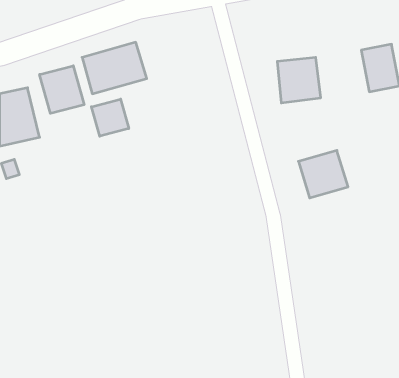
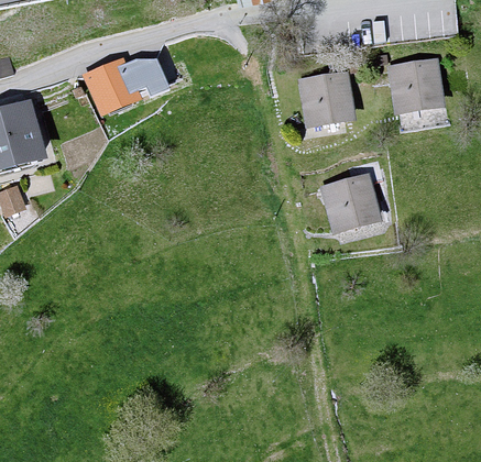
building: [40,66,84,113] -> none
building: [91,99,129,136] -> none

